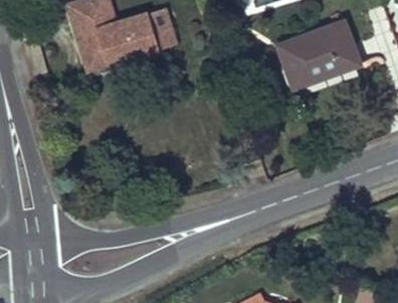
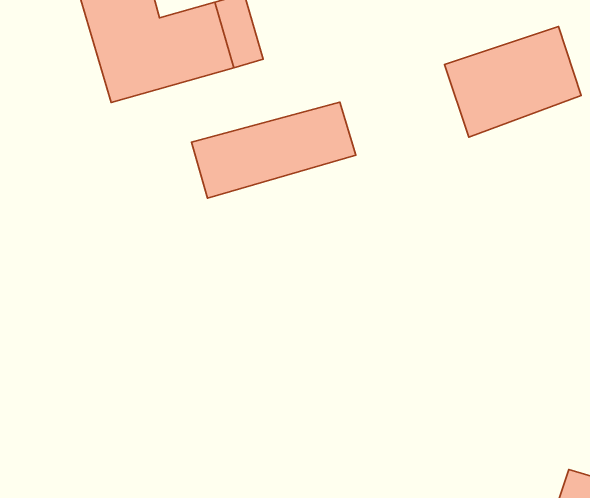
building: none -> [192,102,356,198]

